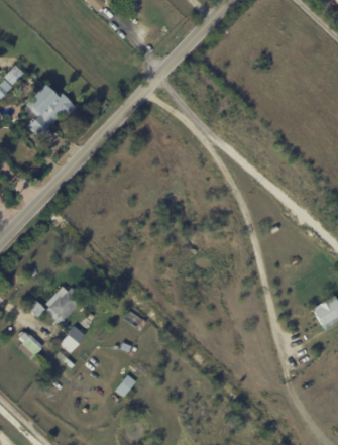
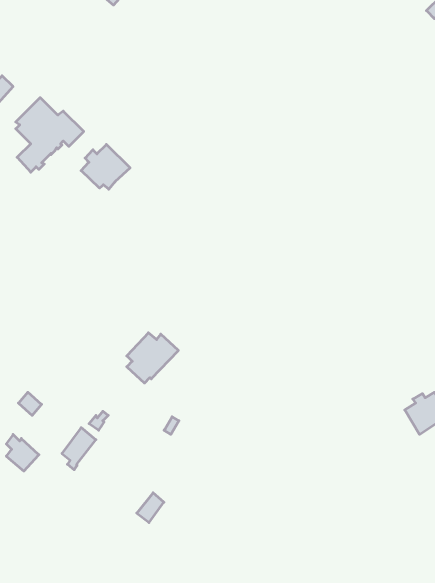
building: none -> [81,144,130,189]
building: [46,285,85,322] -> [127,333,178,383]

